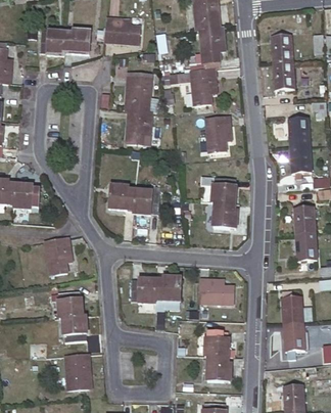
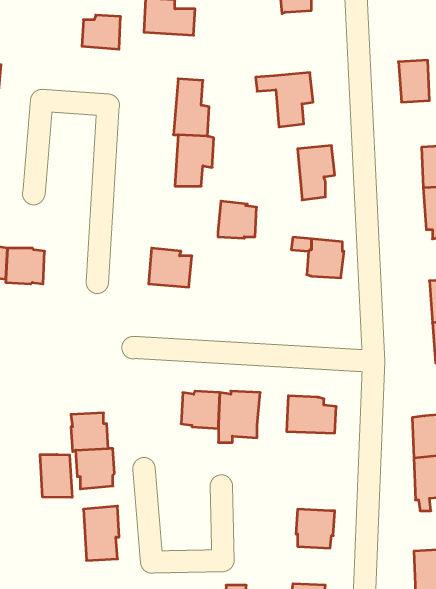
building: [198,28,223,61] -> none
building: [39,32,65,56] -> none
building: [271,34,292,61] -> none
building: [135,189,160,214] -> [218,201,257,238]
building: [214,202,238,228] -> none
building: [45,237,70,275] -> none
building: none -> [40,454,72,497]
building: [203,332,229,357] -> none

